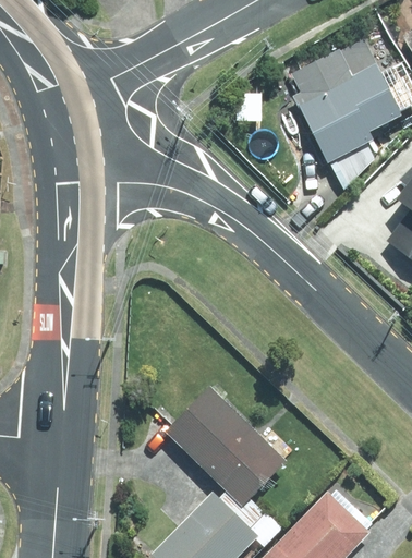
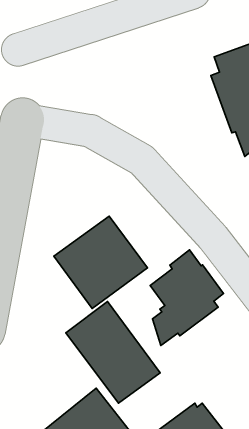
building: none -> [54,216,147,309]
building: none -> [150,250,224,345]

